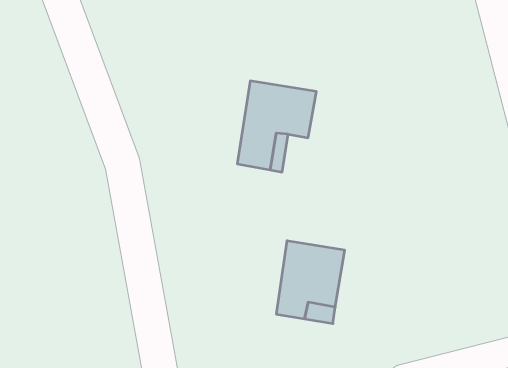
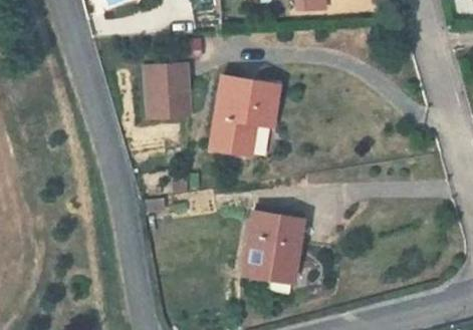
building: none -> [146,64,191,117]

